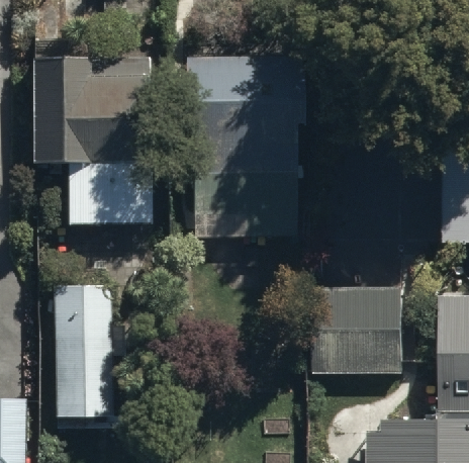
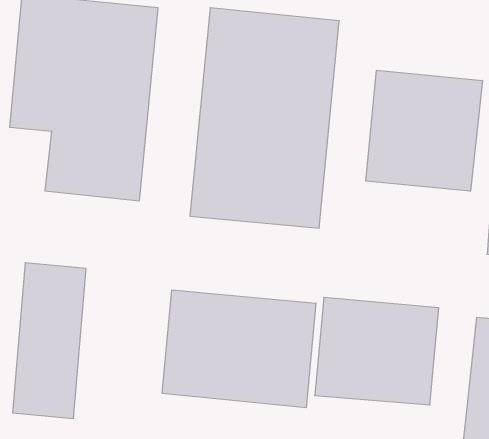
building: none -> [366,70,482,191]
building: none -> [162,290,316,408]

